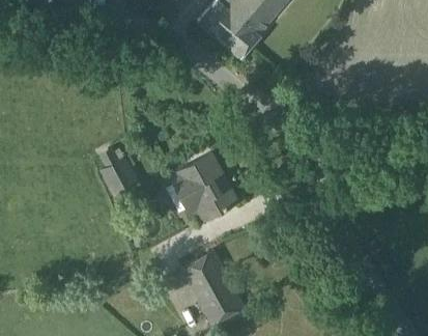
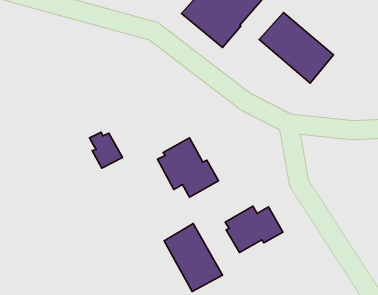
building: none -> [259,12,334,83]
building: none -> [225,206,283,253]

